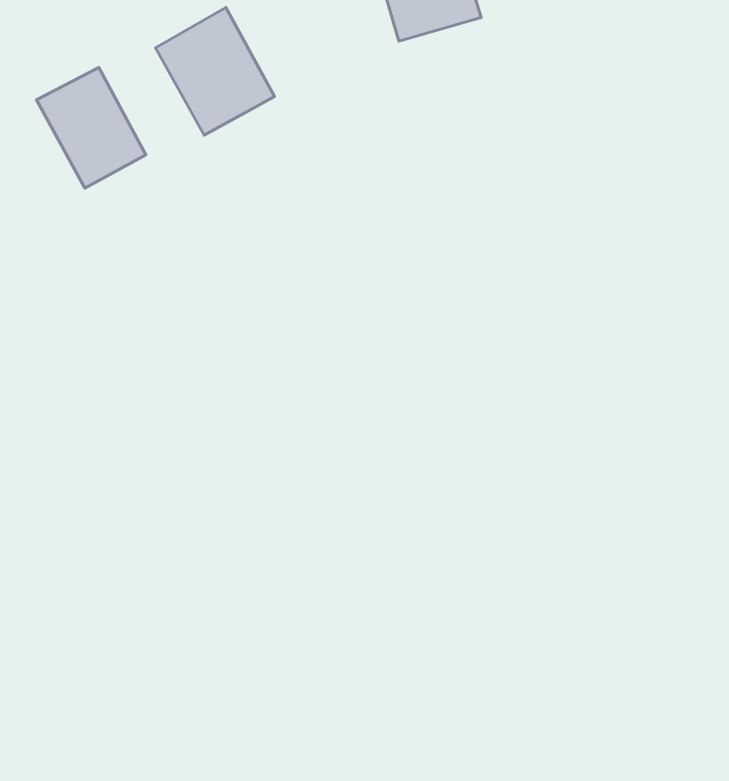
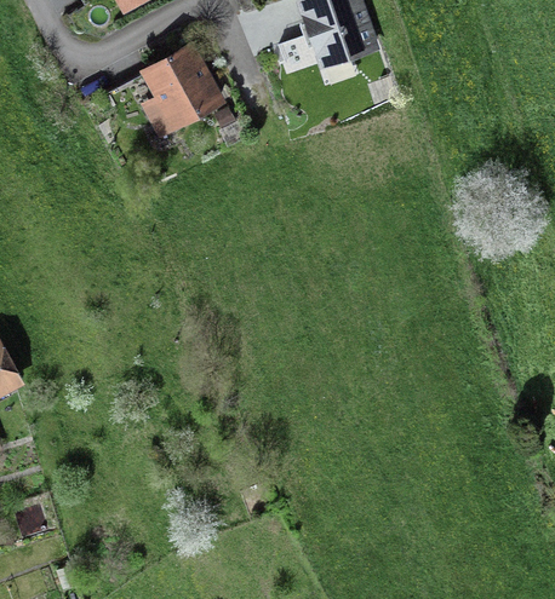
building: [37,67,146,188] -> none

